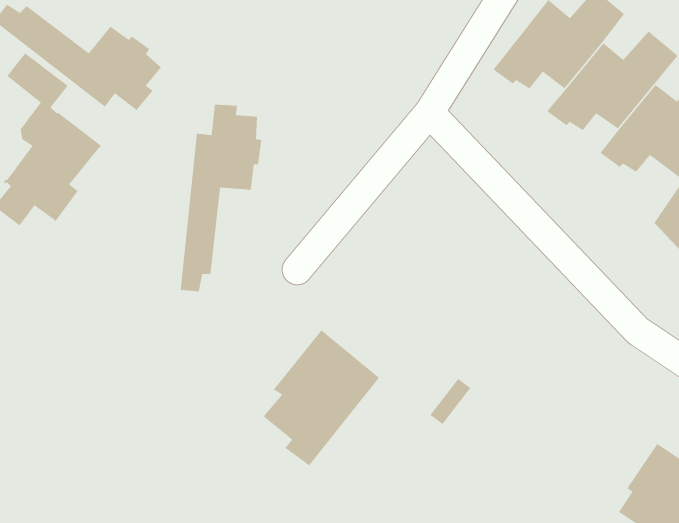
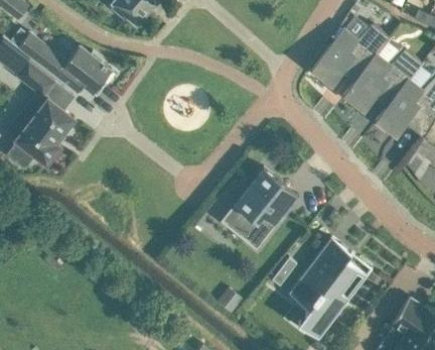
building: [180,104,262,292] -> none
building: [263,329,380,466] -> [229,167,299,250]
building: none -> [288,237,373,339]

